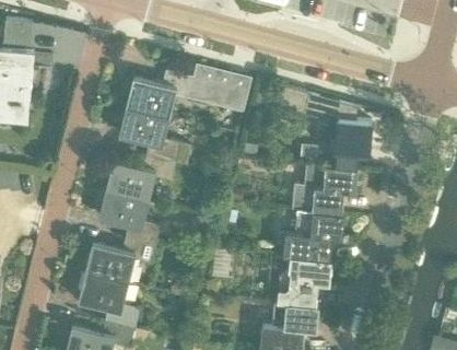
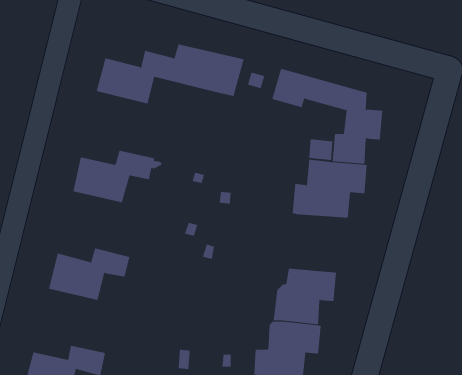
building: [119,105,191,164] -> none
building: [98,190,160,246] -> none
building: [283,210,344,259] -> none
building: [78,273,139,328] -> none

